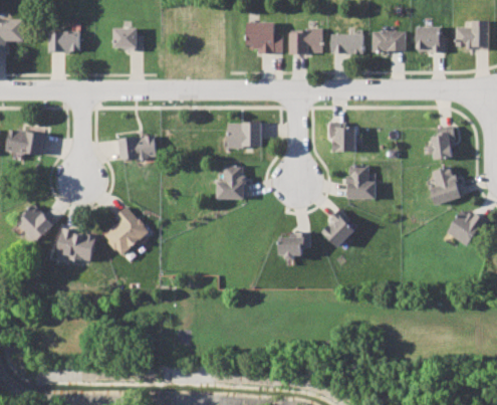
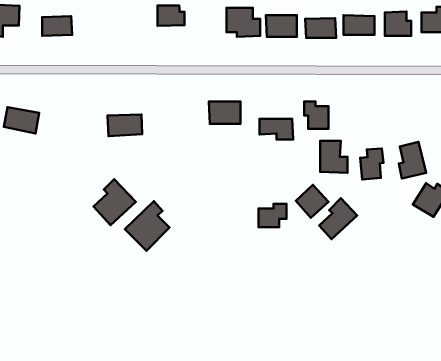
building: [113,28,143,50] -> [157,5,185,26]
building: [430,127,455,160] -> [360,149,384,180]
building: none -> [260,119,293,139]
building: [216,165,244,199] -> none
building: [17,205,54,242] -> none
building: none -> [319,198,357,239]
building: [57,228,96,261] -> none
building: none -> [125,201,170,251]

